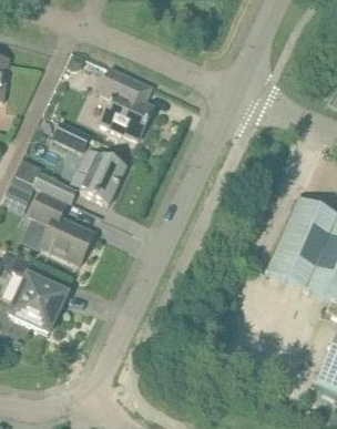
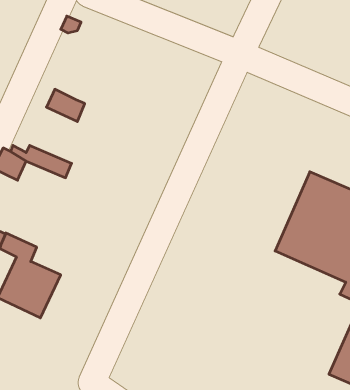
building: [99,65,153,136] -> none
building: [79,147,125,202] -> none
building: [29,191,94,263] -> none

